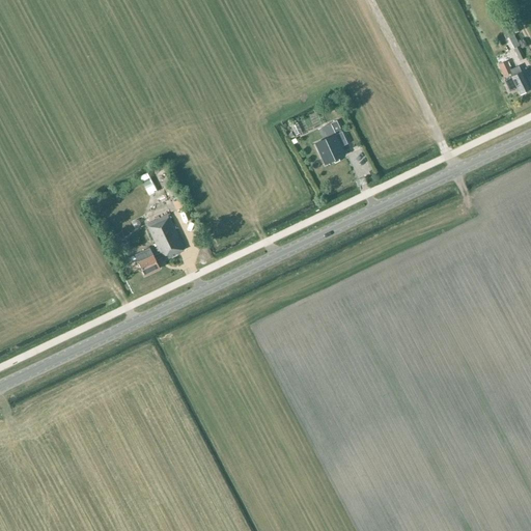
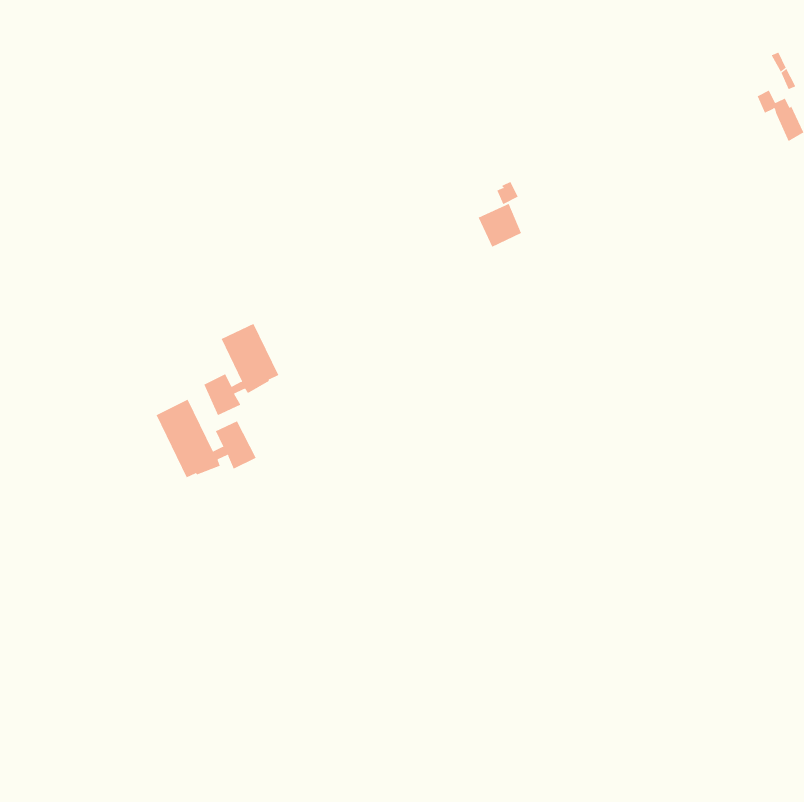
building: none -> [156,399,256,478]

